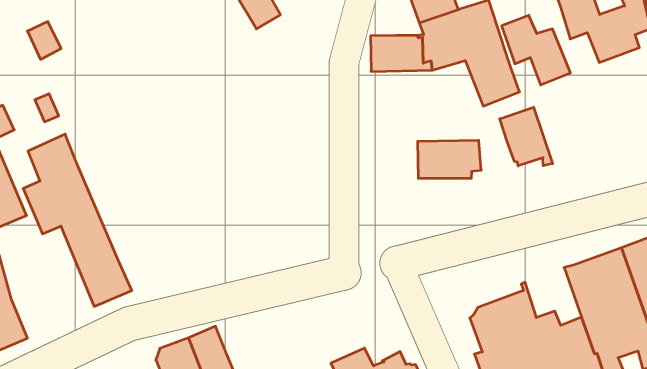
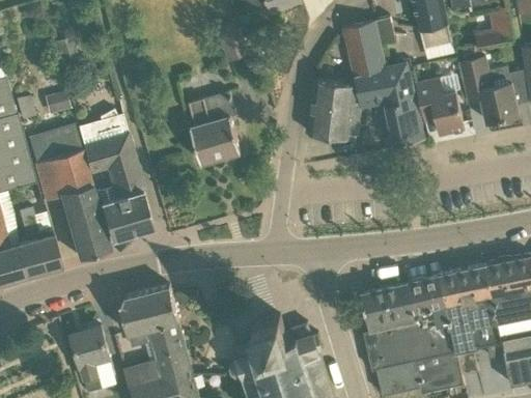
building: none -> [188,91,240,163]
building: [500,107,553,166] -> none
building: none -> [77,111,151,239]
building: [418,140,481,178] -> [308,107,358,140]
building: none -> [16,207,60,277]
building: none -> [408,275,447,318]

